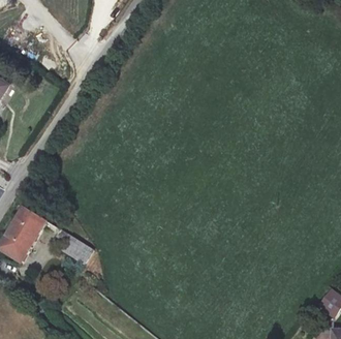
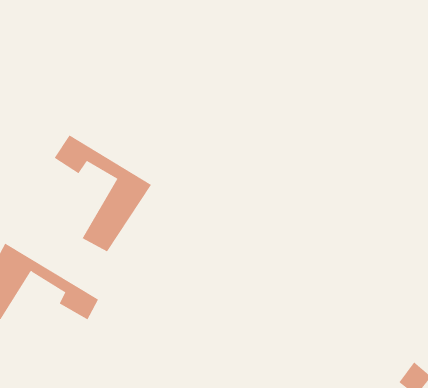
building: none -> [54,135,152,252]

